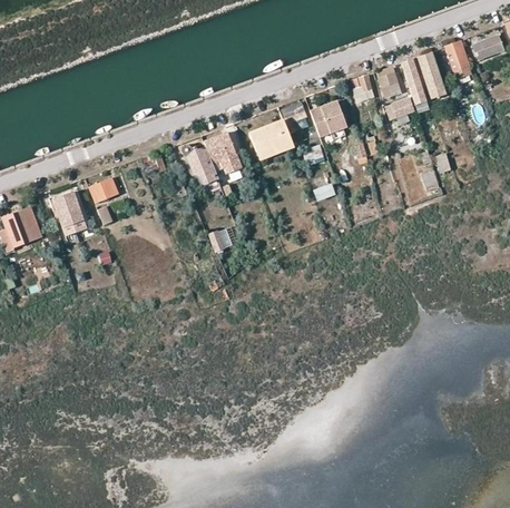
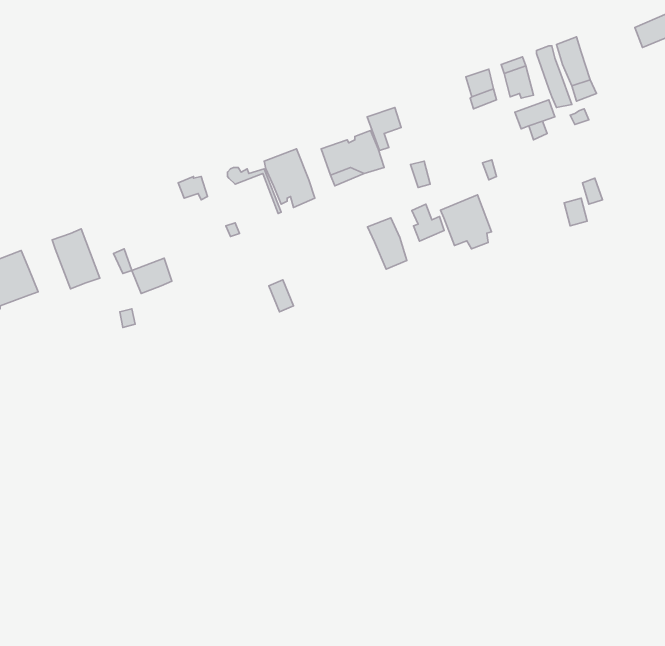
building: [444,40,471,78] -> none
building: [311,100,347,139] -> [441,195,491,249]
building: [184,150,215,185] -> none
building: [88,177,117,203] -> [132,258,172,294]
building: none -> [368,218,407,269]

